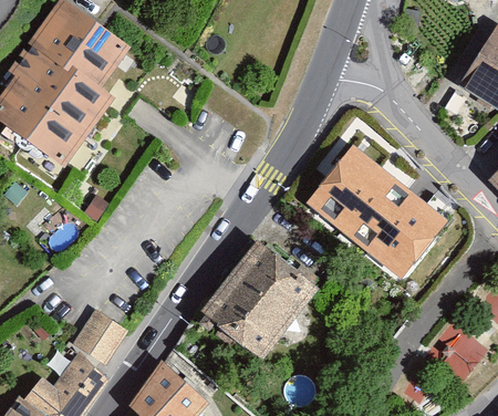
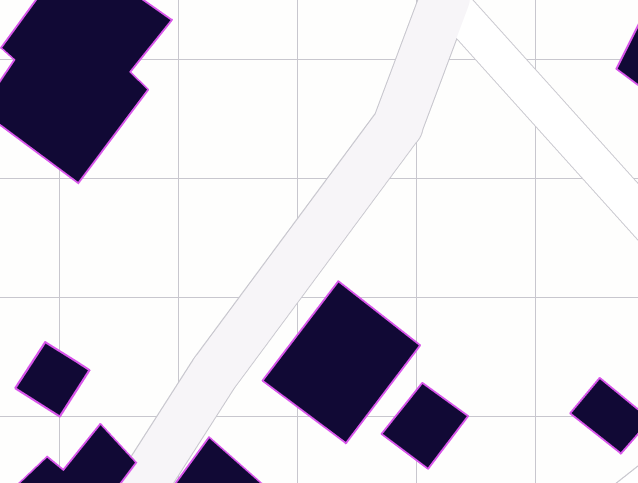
building: [305,144,447,278] -> none
building: [74,310,129,365] -> [15,342,90,416]
building: none -> [382,383,468,469]

